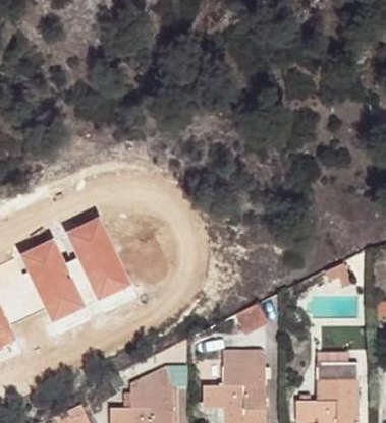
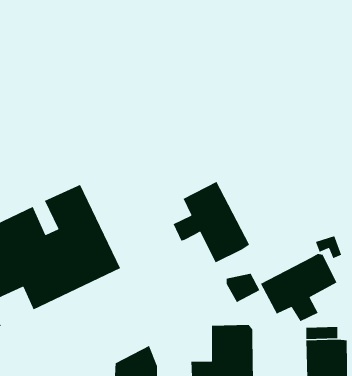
building: none -> [173,181,250,263]
building: none -> [260,253,338,322]

